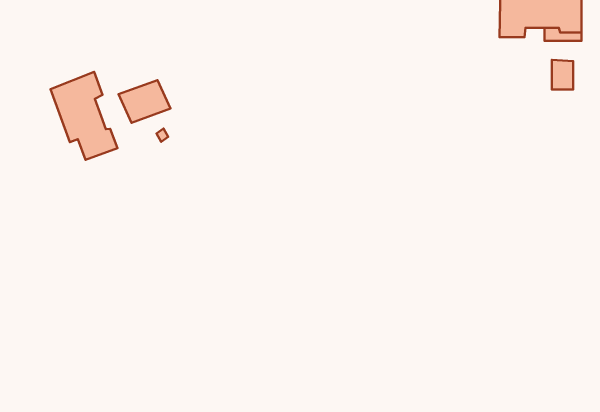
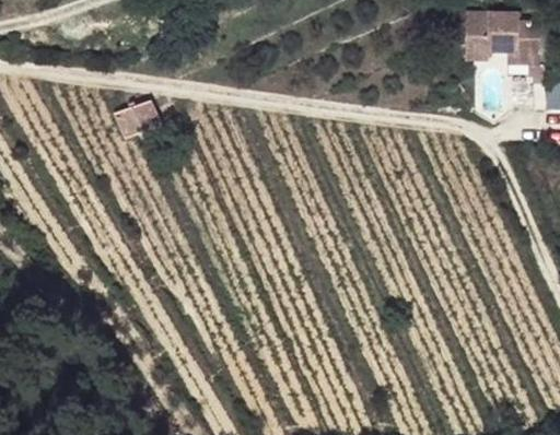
building: [51,72,117,160] -> none

